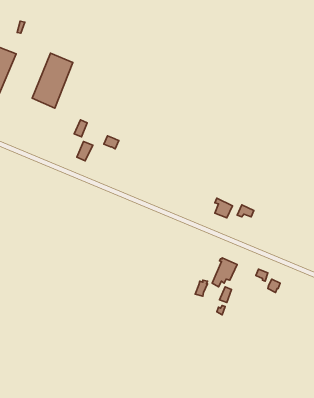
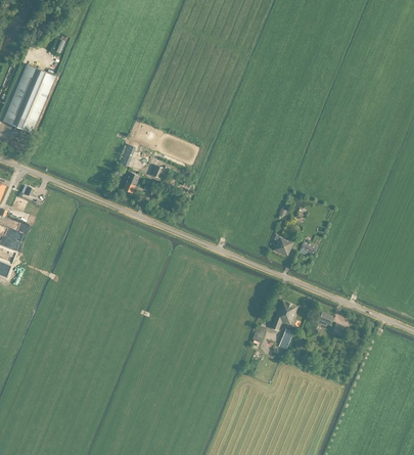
building: [32,53,73,108] -> none

